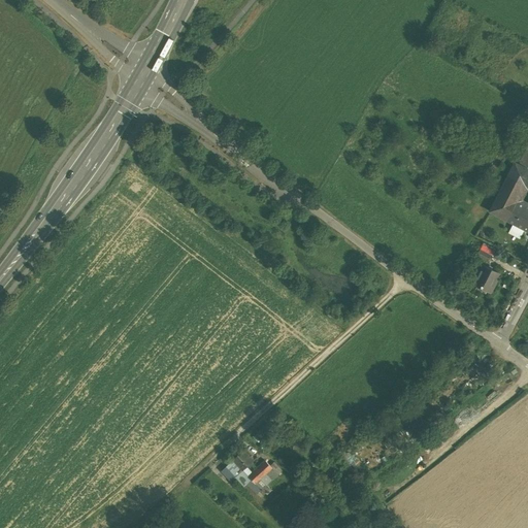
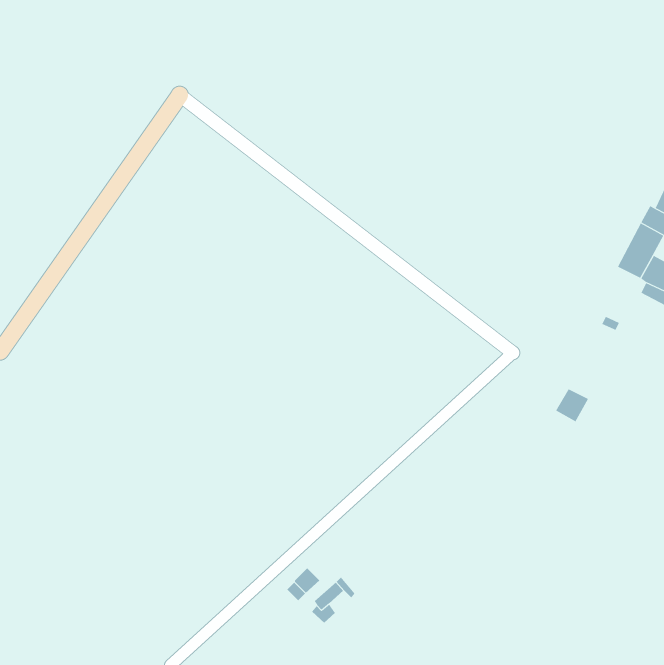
building: [474,266,501,293] -> [555,388,589,422]

